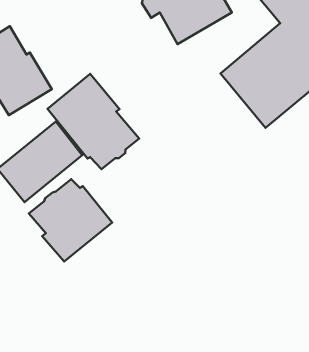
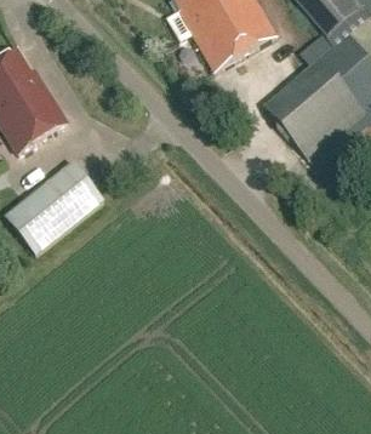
building: [48,74,139,169] -> none
building: [29,179,112,262] -> none

